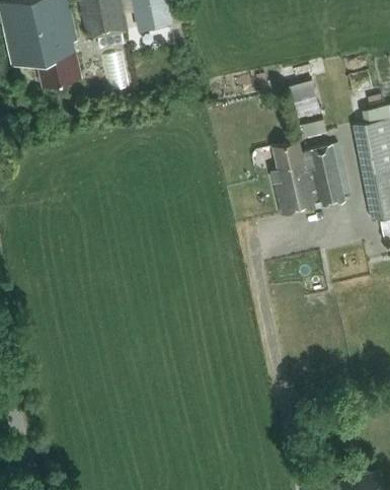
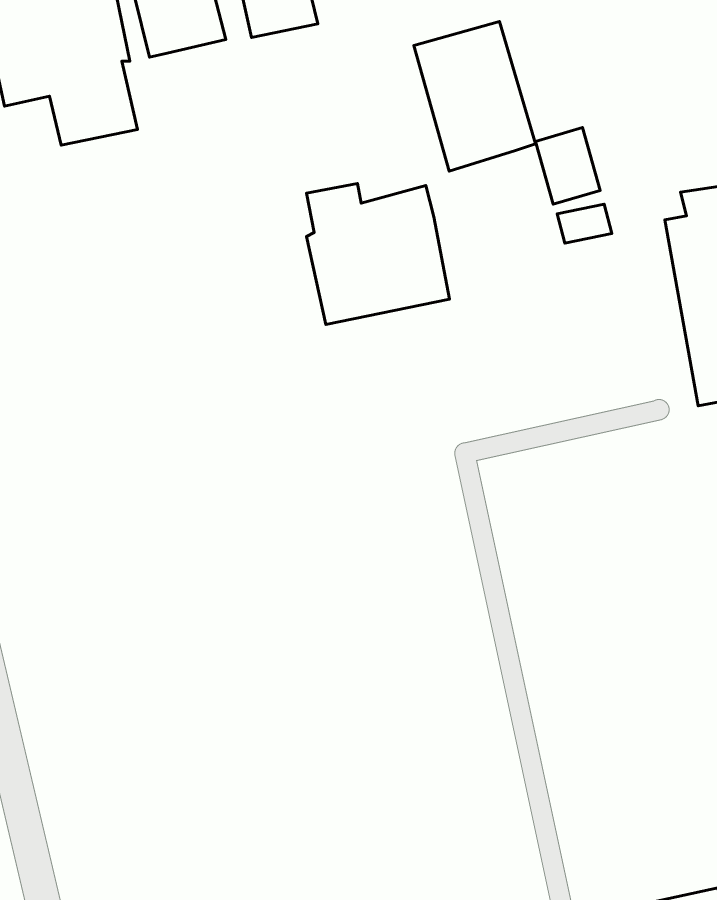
building: none -> [414,22,535,171]
building: [271,144,345,217] -> [306,183,449,325]

